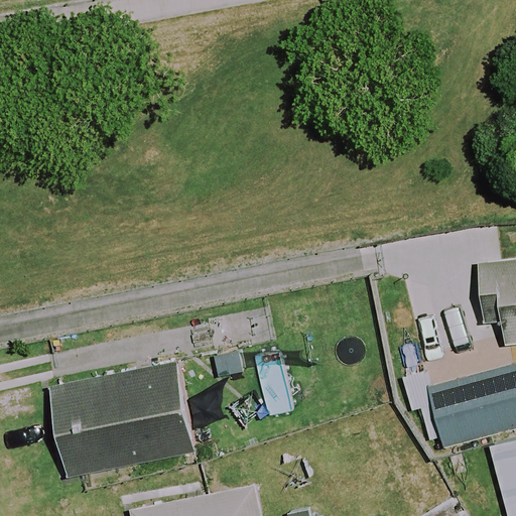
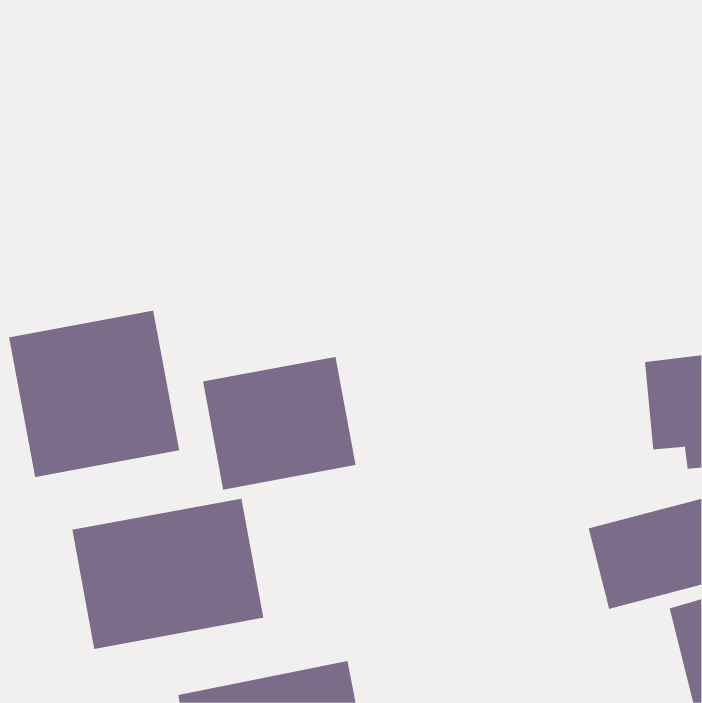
building: none -> [9,310,180,478]
building: none -> [202,356,356,490]

